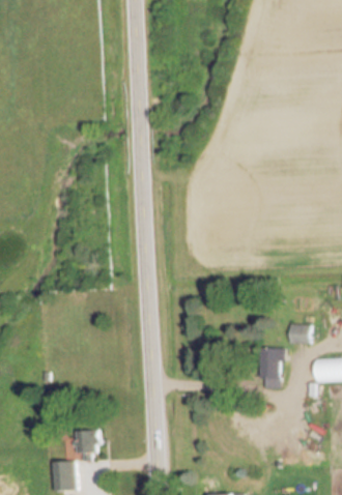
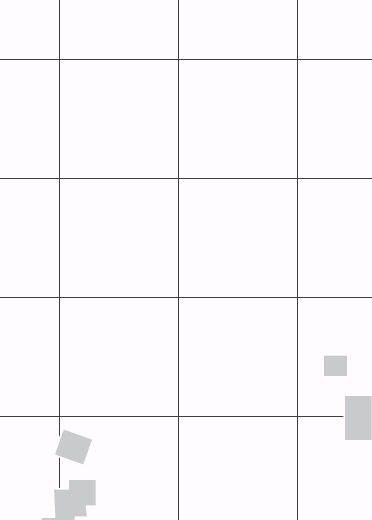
building: [260,347,283,386] -> none
building: none -> [54,428,93,466]

